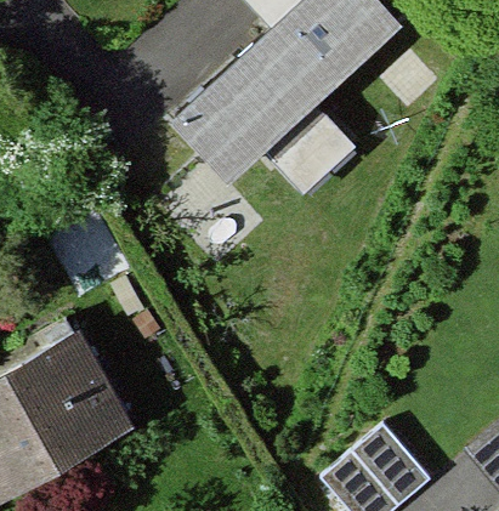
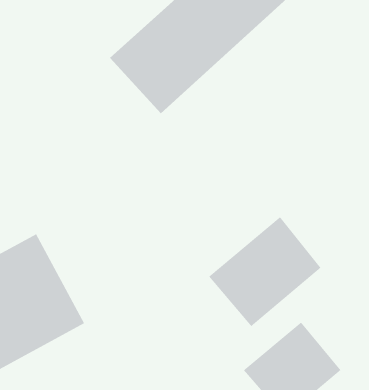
building: none -> [208,216,322,327]

